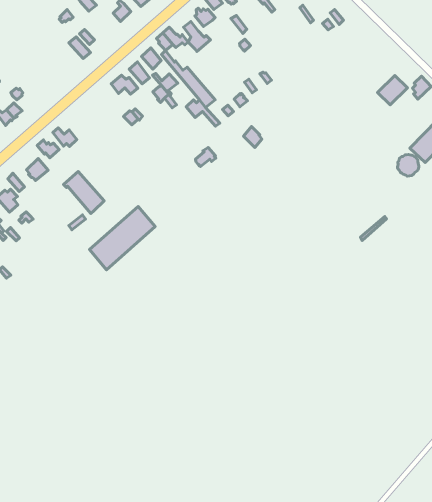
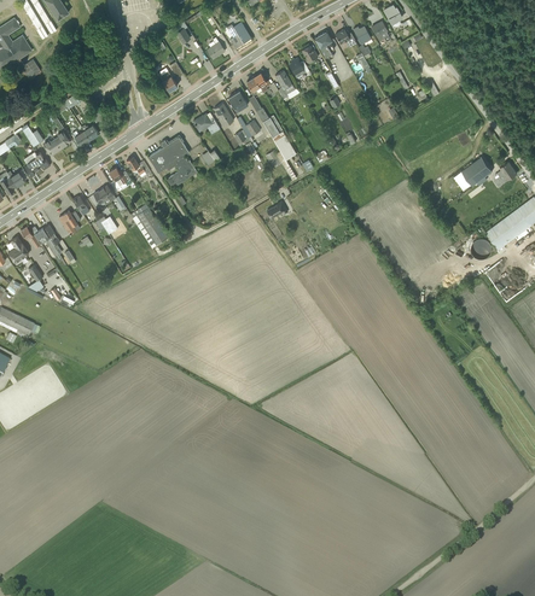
building: none -> [147,135,197,187]
building: [89,206,155,270] -> none

